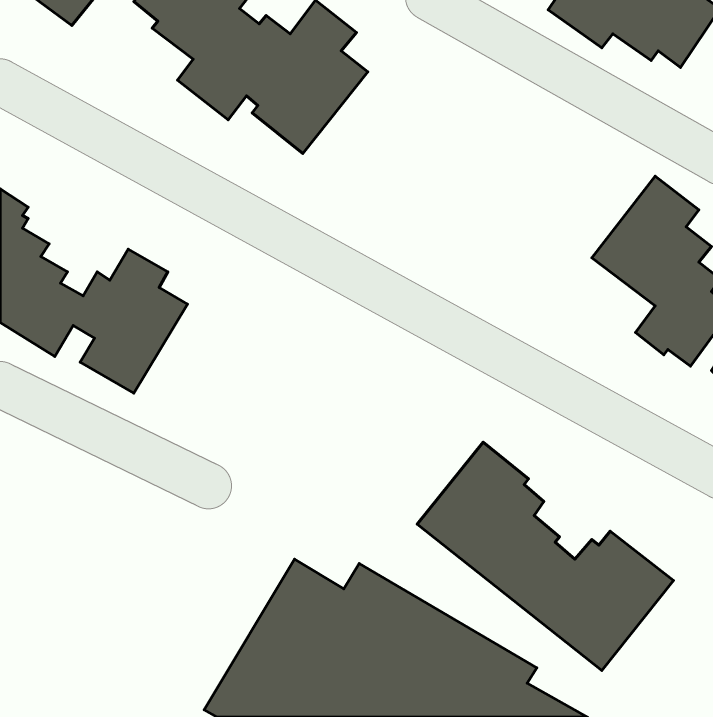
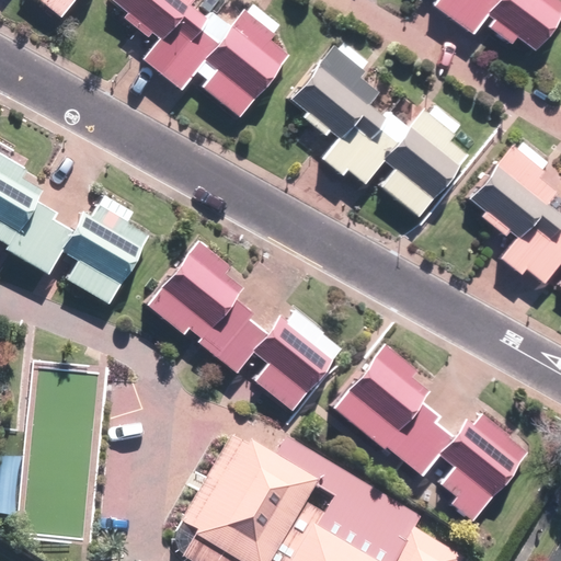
building: none -> [289,39,470,218]
building: none -> [145,241,342,412]

